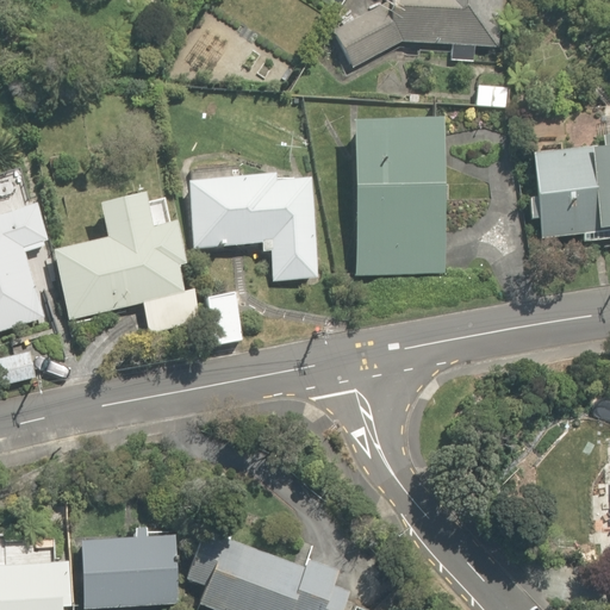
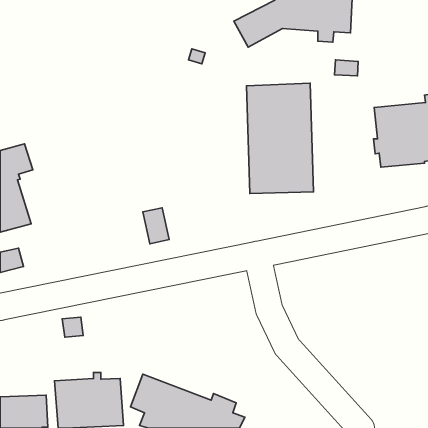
building: [189,174,319,280] -> none
building: [56,194,200,332] -> none

